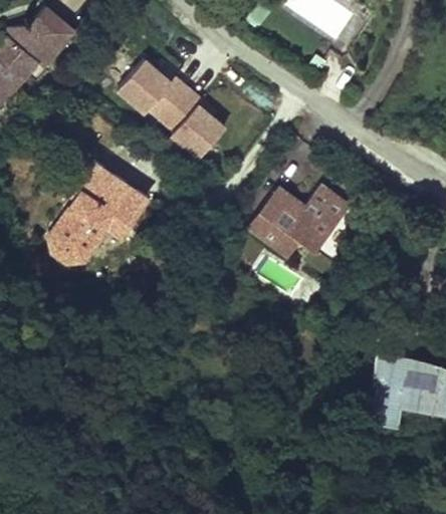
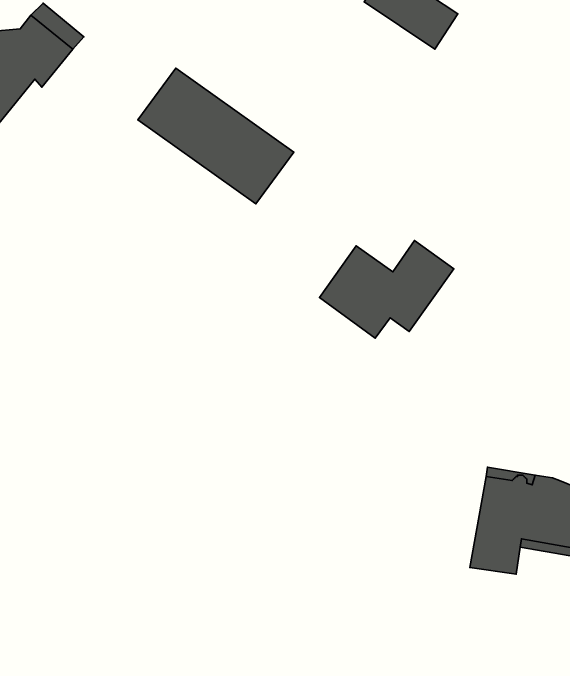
building: [52,160,148,257] -> none

